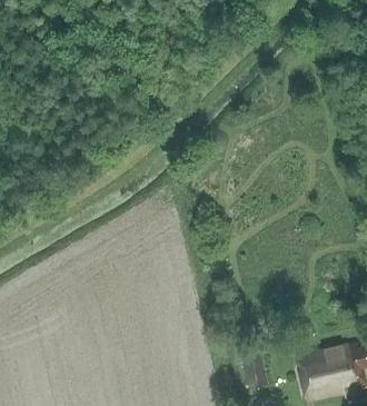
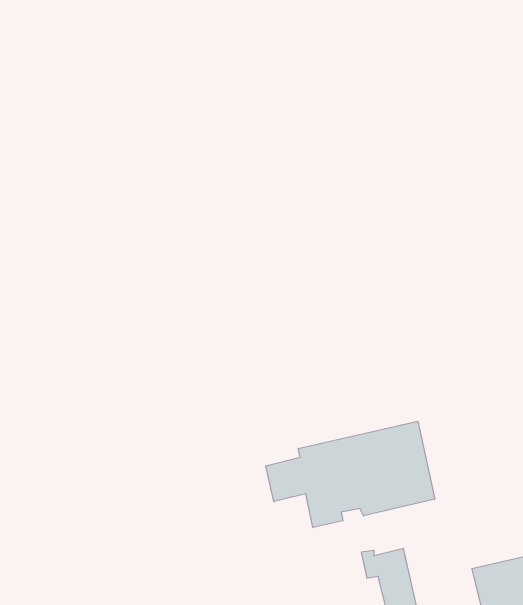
building: none -> [266,421,435,528]

